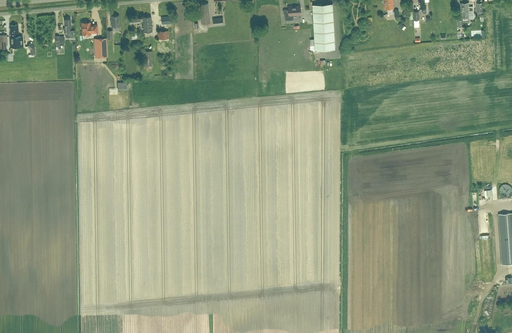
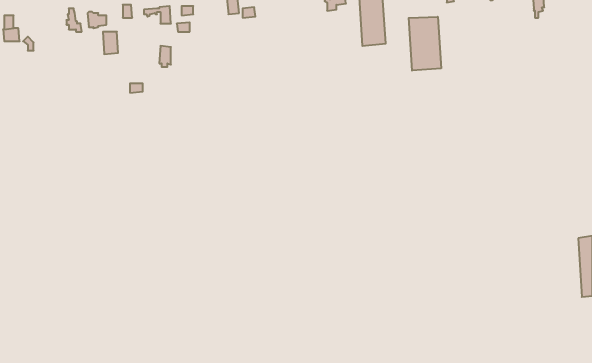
building: none -> [409,17,441,71]

